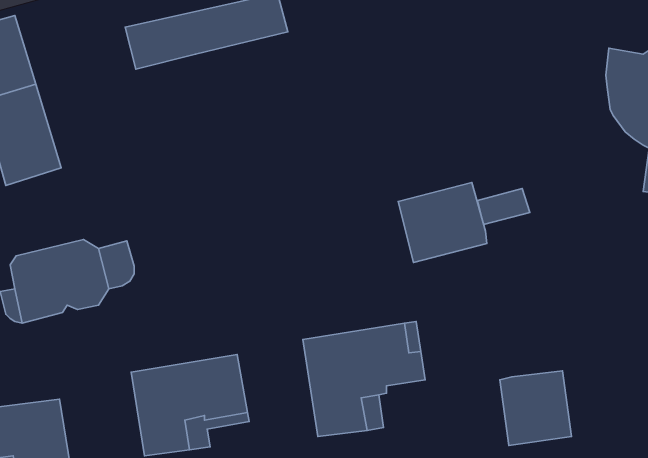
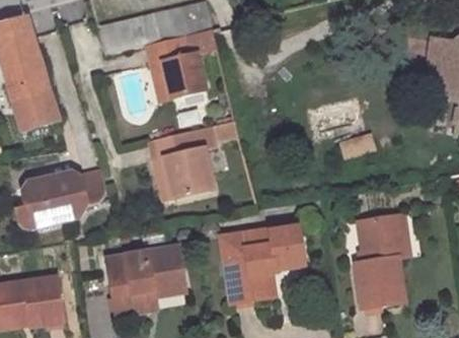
building: none -> [148,27,216,99]
building: none -> [153,124,216,200]
building: [398,183,487,262] -> none
building: none -> [357,214,404,262]

